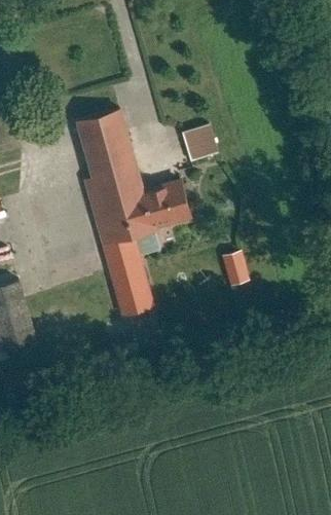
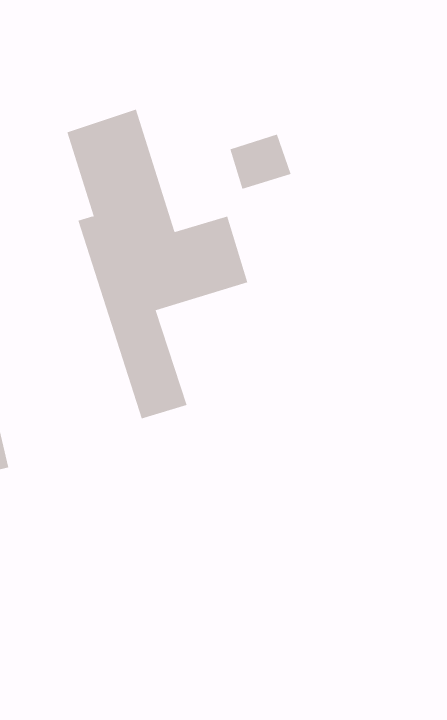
building: [220,250,252,288] -> none

